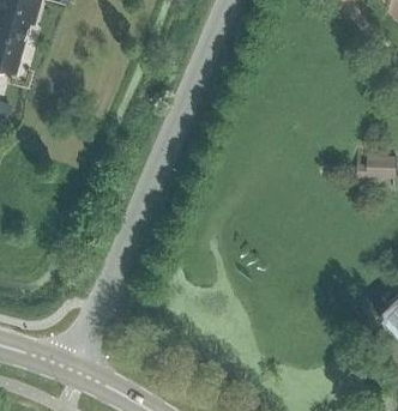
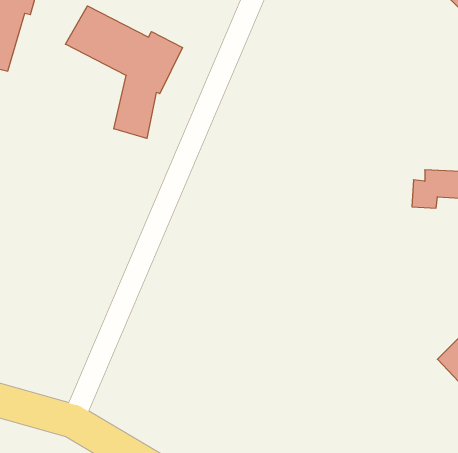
building: none -> [65,6,183,138]

